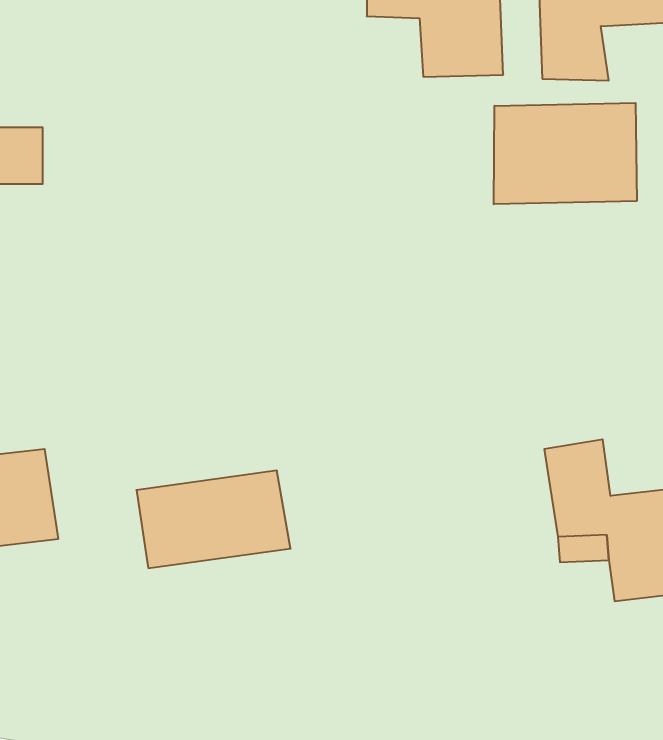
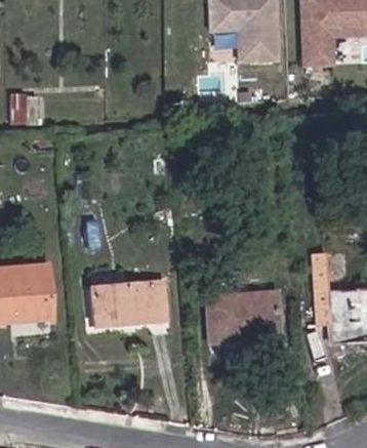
building: [494,103,637,204] -> none
building: none -> [205,284,279,334]

